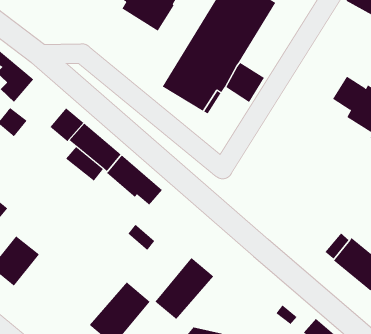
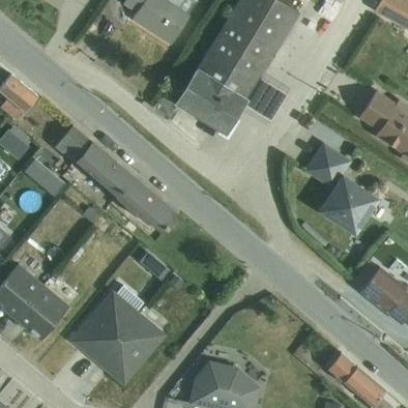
building: none -> [308,145,378,232]
building: [65,146,104,182] -> [24,157,65,196]
building: none -> [17,284,70,340]
building: [154,257,214,320] -> [74,292,138,359]

